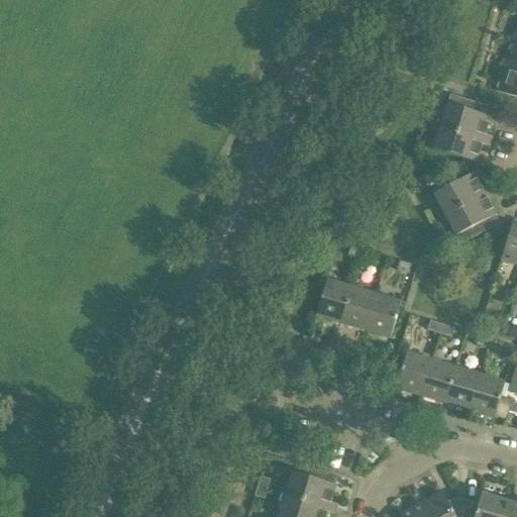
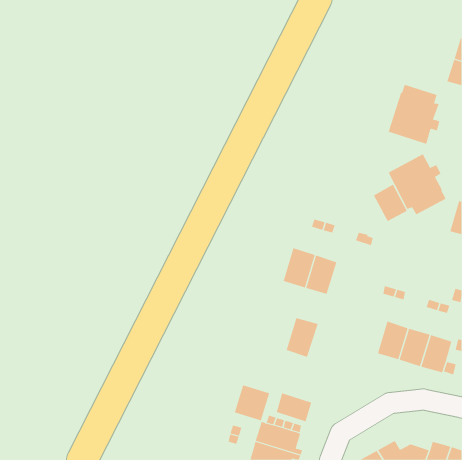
building: none -> [373,184,408,222]
building: [366,293,402,337] -> [286,318,318,357]
building: [397,351,432,395] -> none
building: none -> [234,384,270,421]
building: none -> [276,393,312,422]

